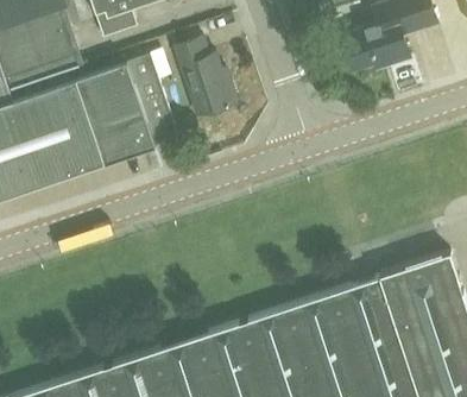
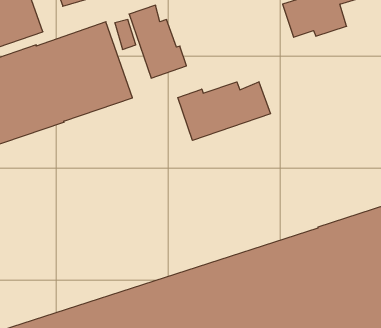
building: none -> [178,82,270,140]

